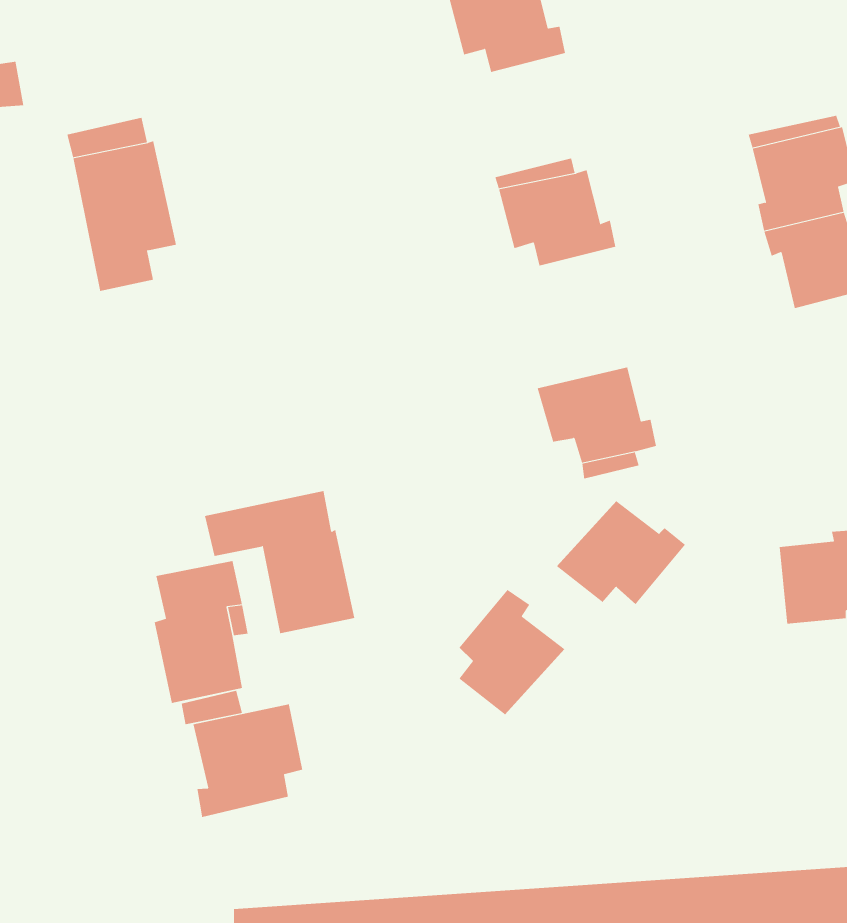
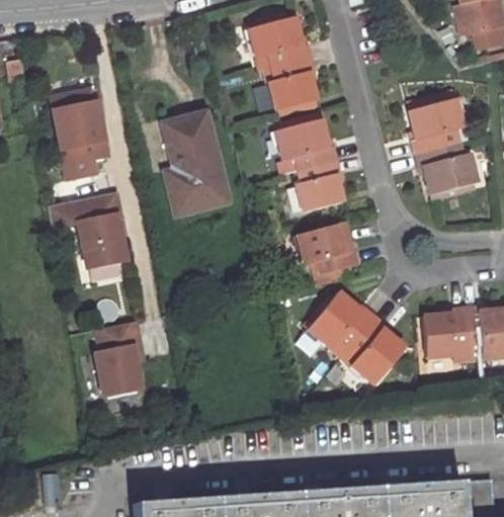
building: none -> [270,58,318,108]
building: none -> [161,110,229,213]
building: none -> [296,159,344,211]
building: [204,491,355,634] -> [49,195,128,270]
building: [459,589,565,715] -> [349,315,405,380]
building: [193,703,303,818] -> none

